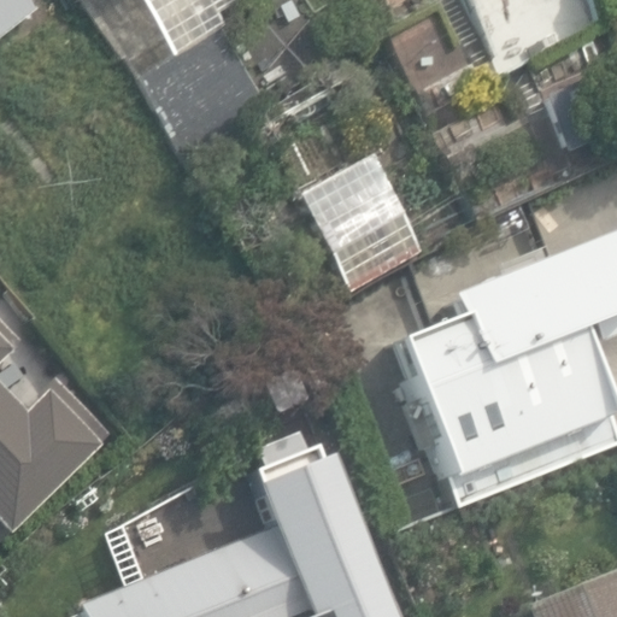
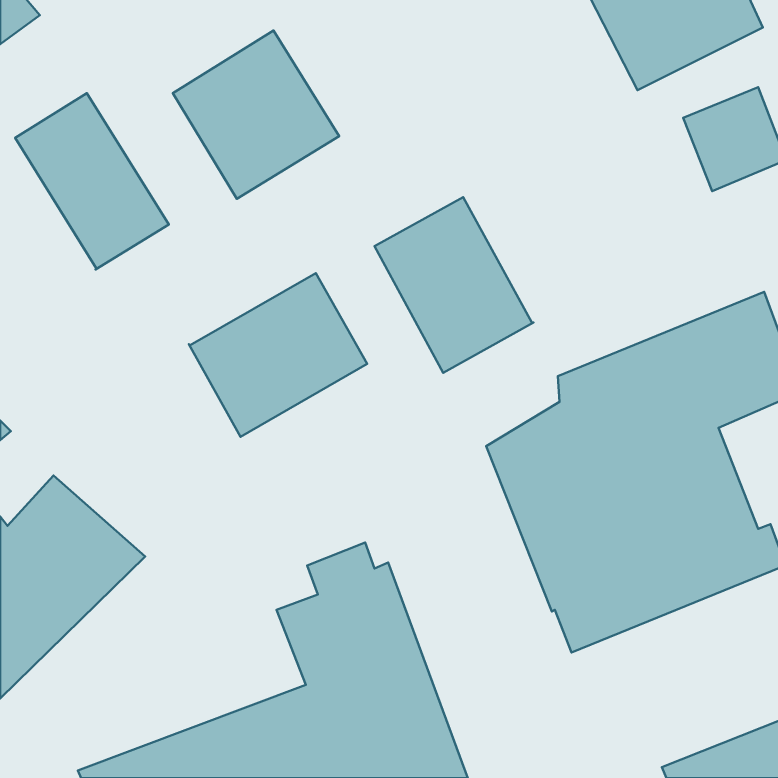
building: none -> [15,93,169,269]
building: none -> [189,273,367,437]

